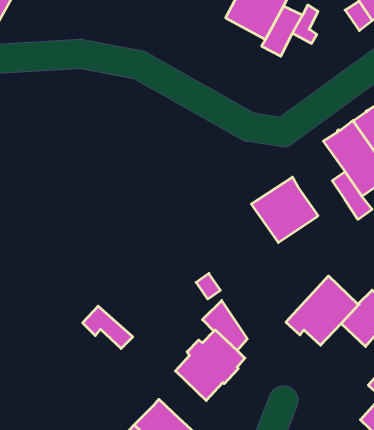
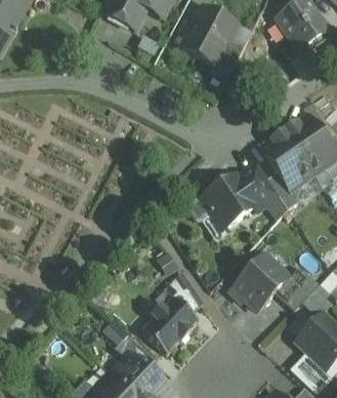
building: none -> [241,162,279,207]
building: [83,306,133,349] -> [116,333,156,367]

